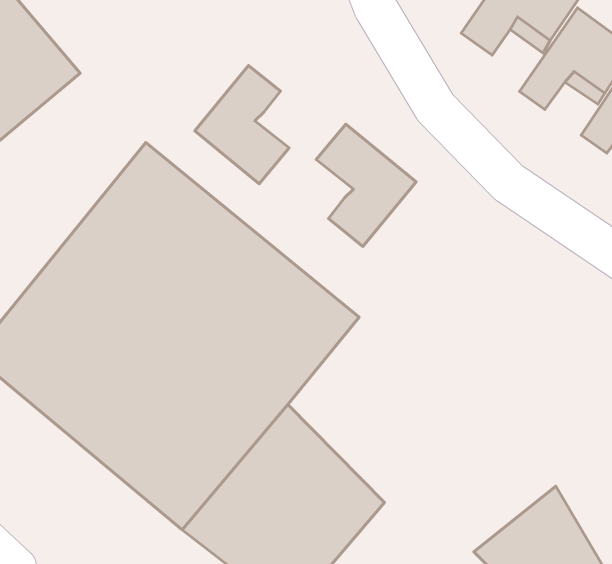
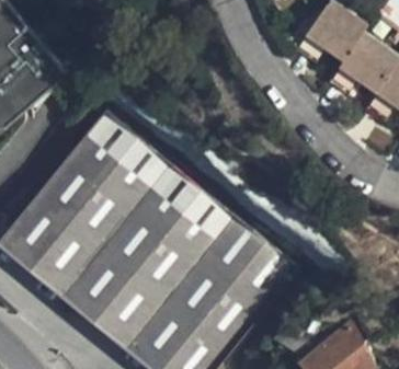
building: [195,66,289,184] -> none
building: [316,124,416,246] -> none
building: none -> [189,218,294,330]

